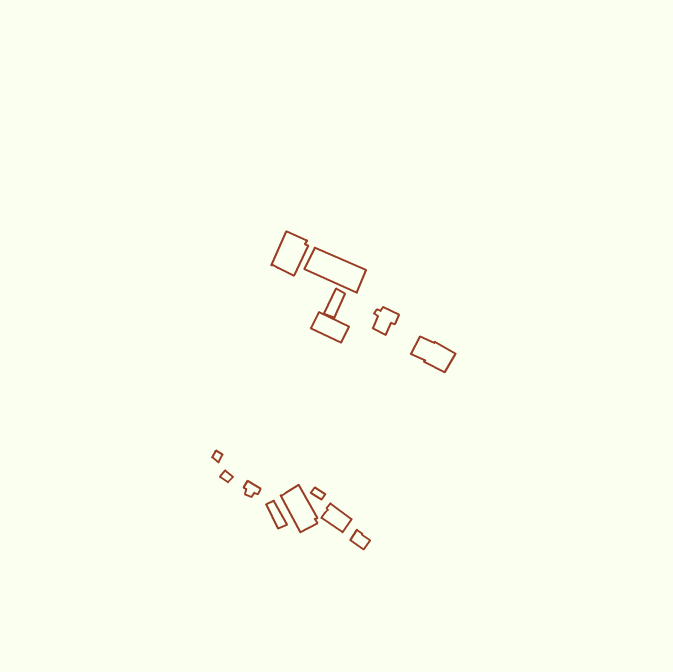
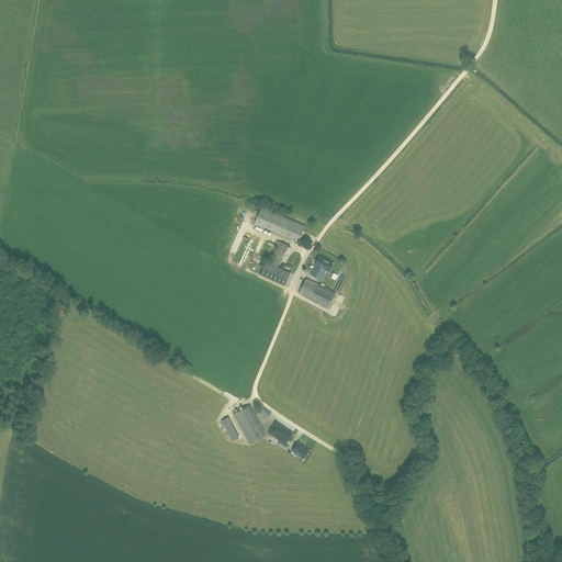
building: [271,231,308,276] -> none
building: [411,337,456,372] -> [299,278,336,307]

